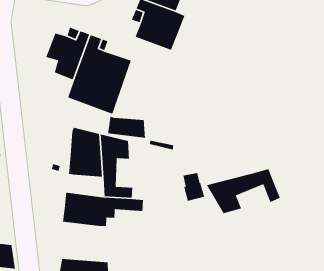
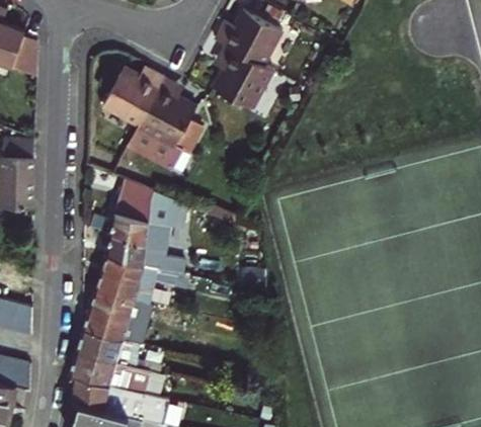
building: [107,116,146,139] -> [103,234,149,266]
building: [206,168,281,214] -> none
building: none -> [83,288,145,342]

